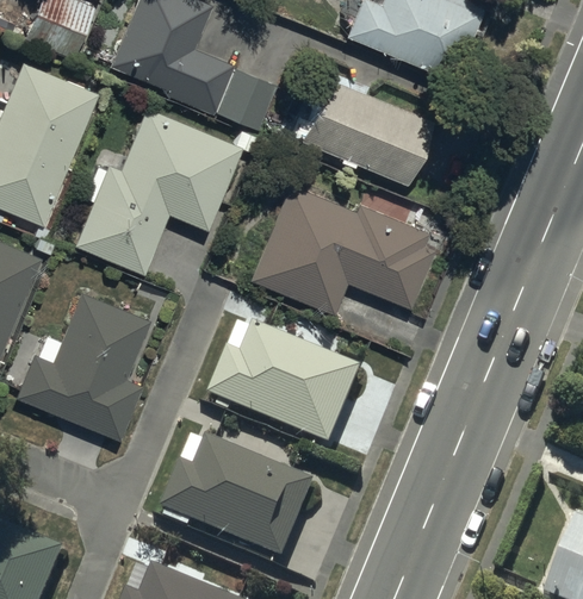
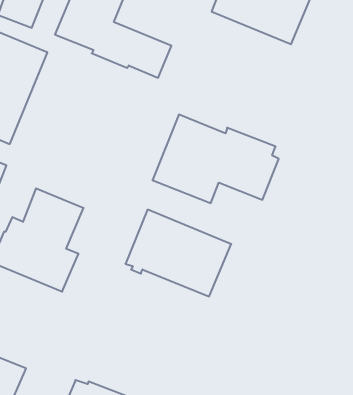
building: [300,77,433,186] -> none
building: [75,110,242,274] -> none
building: [166,439,320,562] -> none

